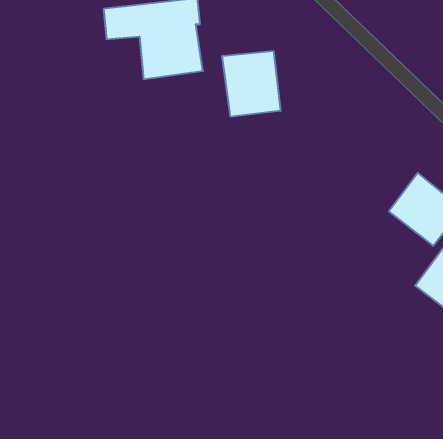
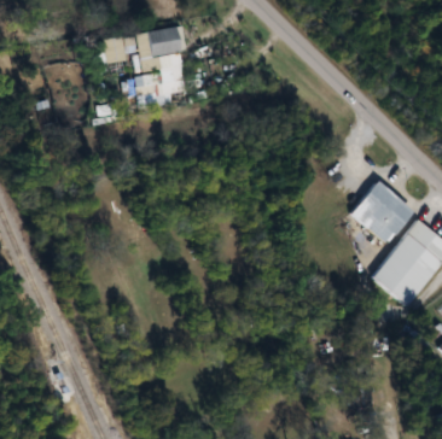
building: [222,51,281,117] -> none

